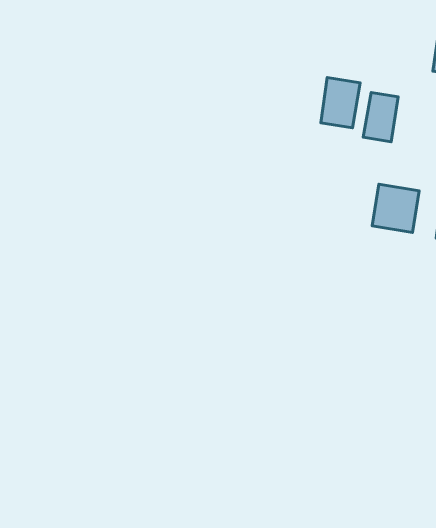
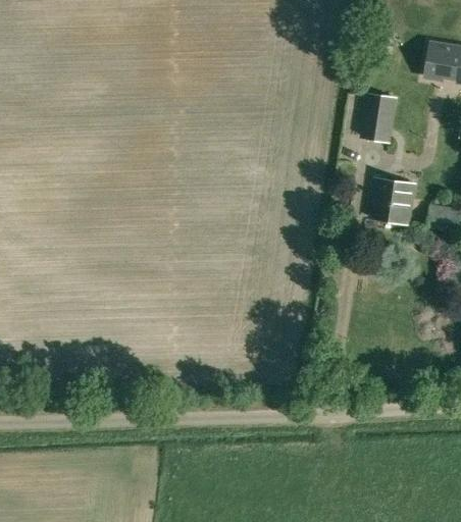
building: [321,78,360,128] -> none

